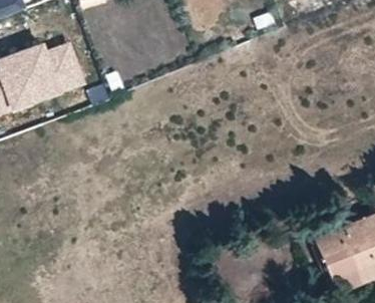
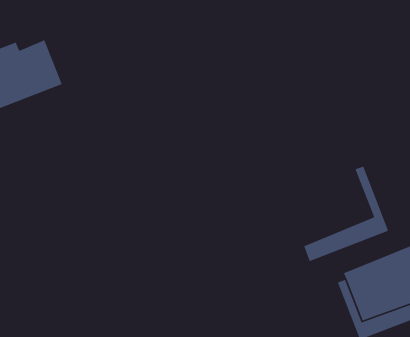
building: none -> [303,166,389,262]

